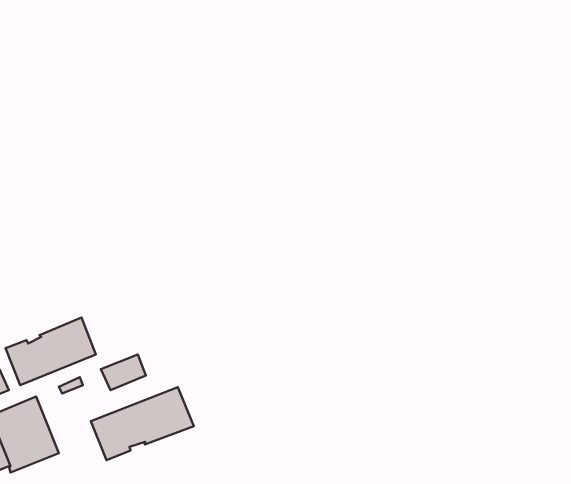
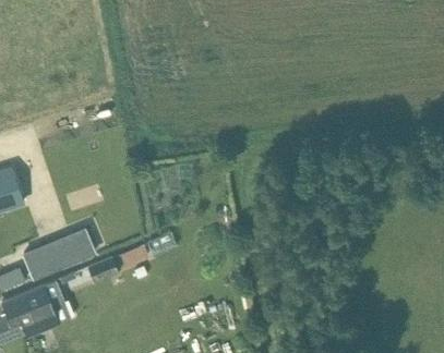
building: [91,387,194,460] -> none

